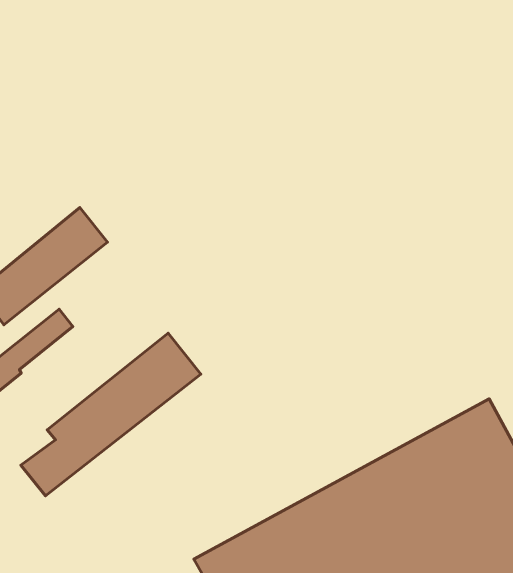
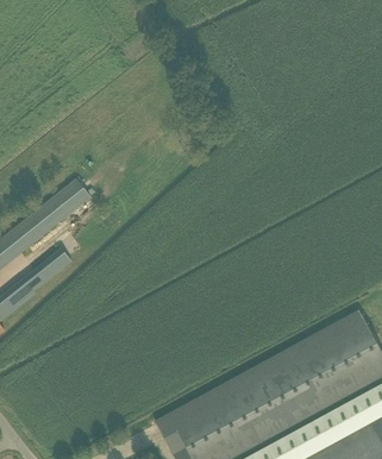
building: [21,333,201,496] -> none

